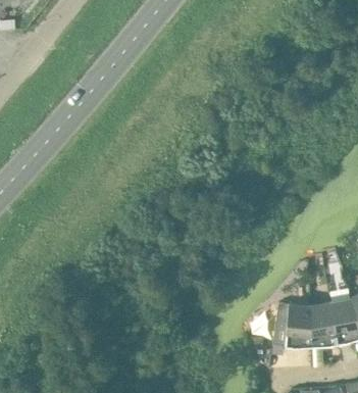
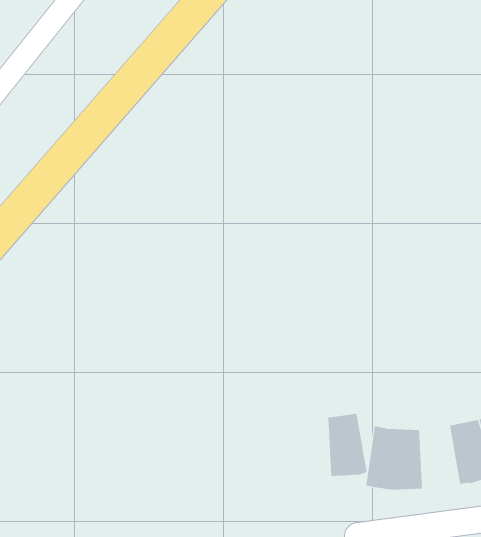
building: [310,302,338,346] -> [328,413,367,476]

